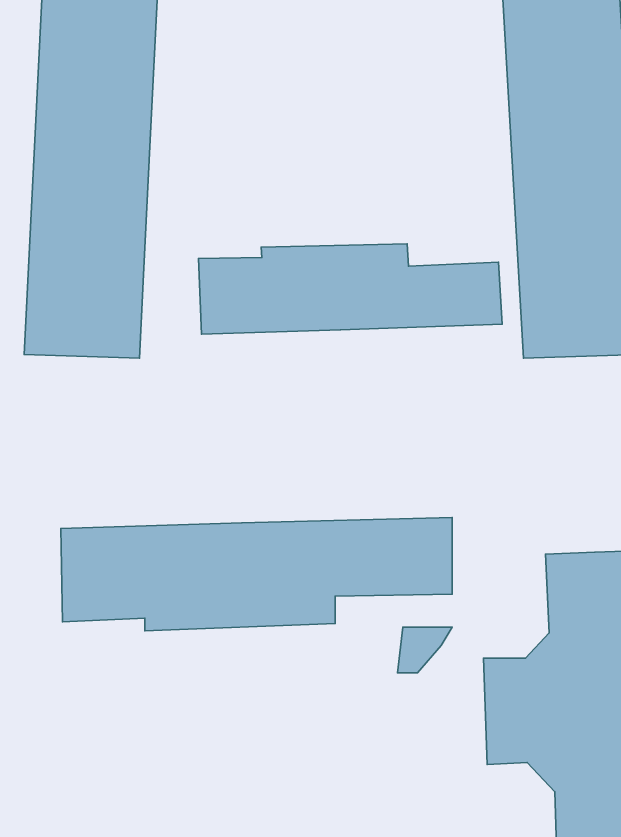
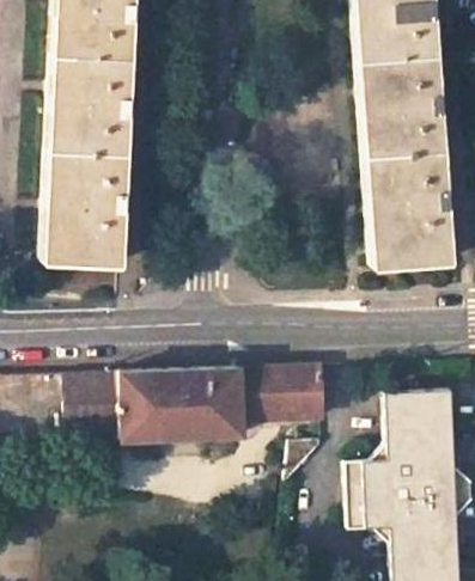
building: [199,244,502,334] -> none

